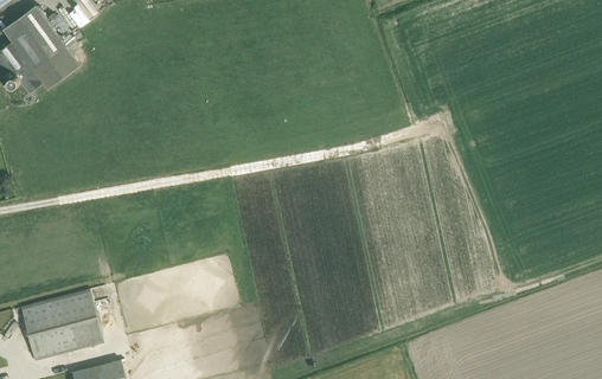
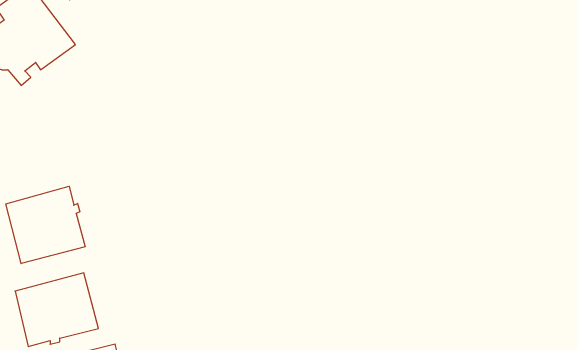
building: none -> [6,186,85,264]

